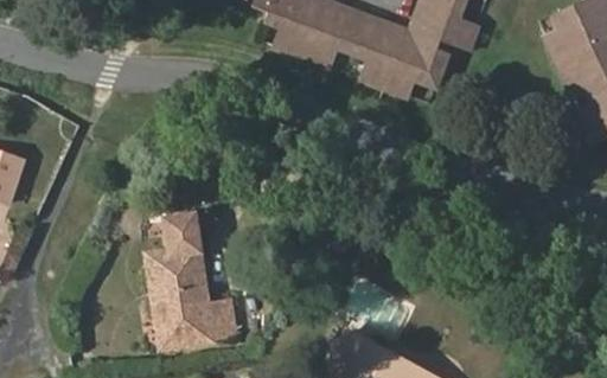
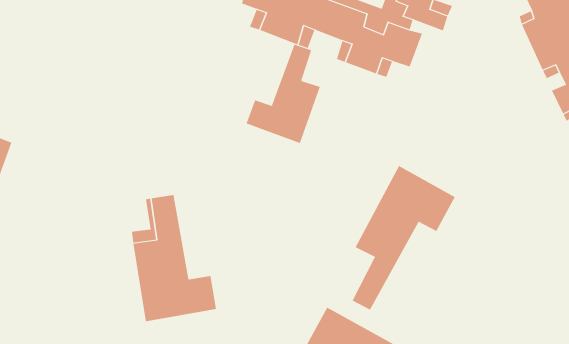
building: none -> [246,44,320,144]
building: none -> [352,165,456,310]

